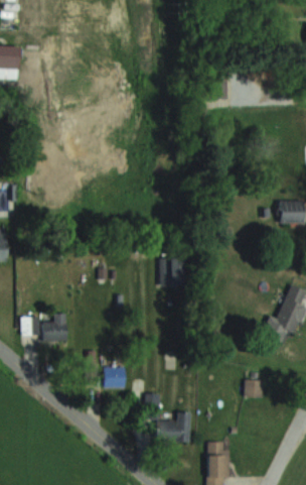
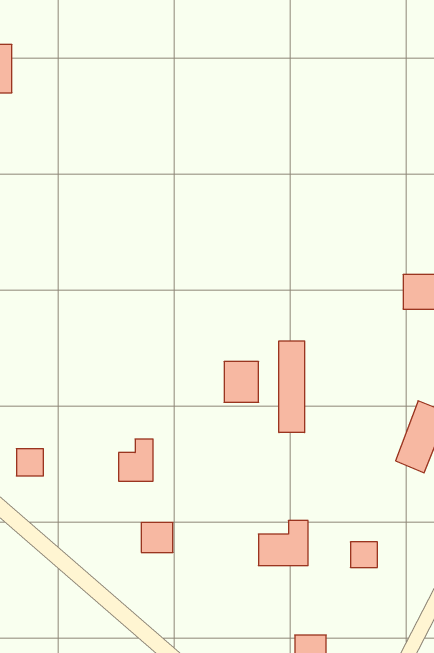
building: none -> [279,341,305,433]
building: [43,313,66,341] -> [119,439,153,481]
building: [157,411,190,442] -> [258,521,308,566]

